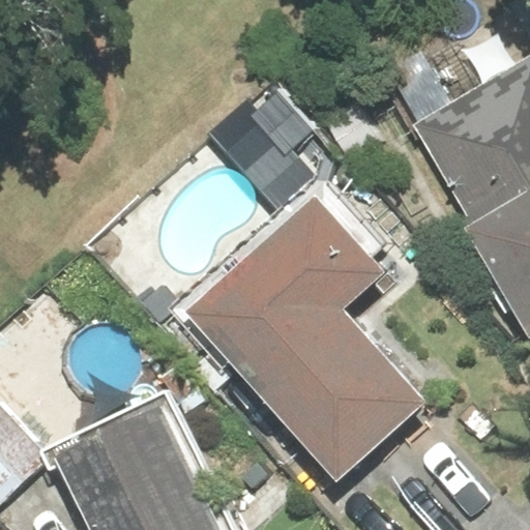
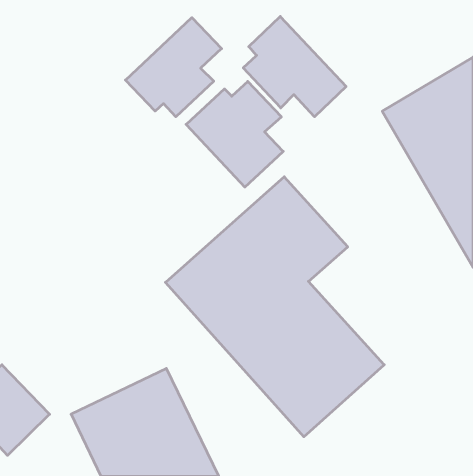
building: none -> [243,16,346,117]
building: none -> [125,18,222,117]

